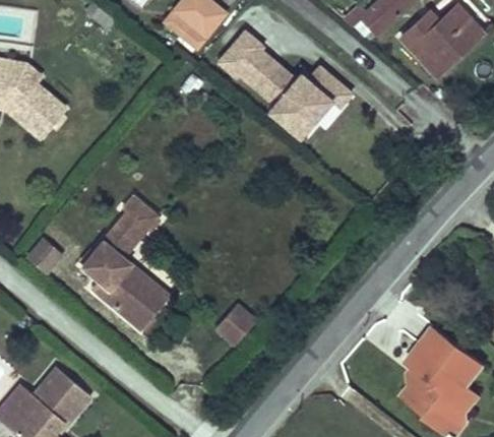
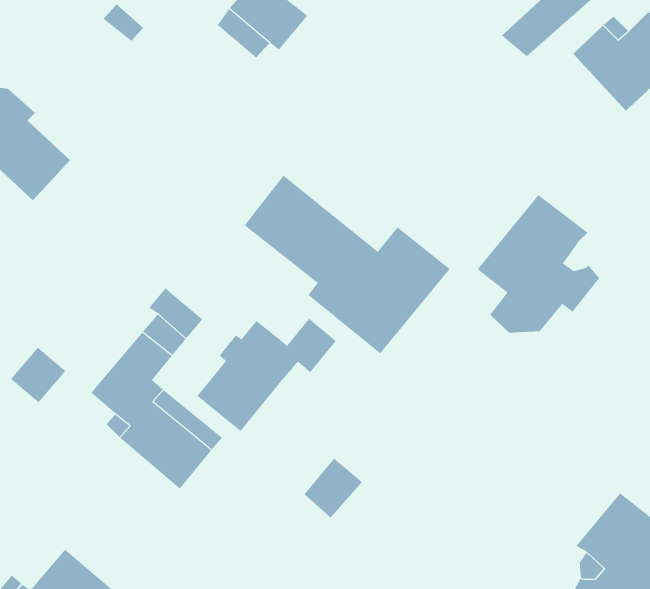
building: [214,26,353,146] -> [244,175,450,354]
building: none -> [477,194,600,333]
building: none -> [197,318,337,432]

